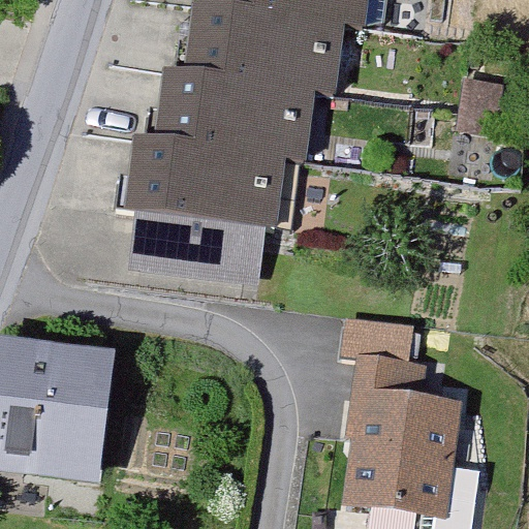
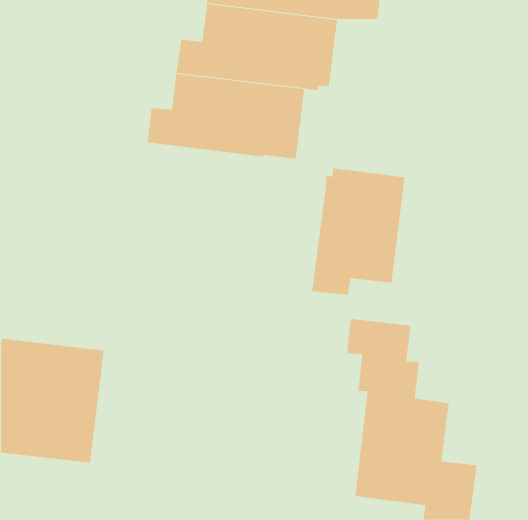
building: [118,143,294,272] -> none
building: none -> [312,168,405,296]

